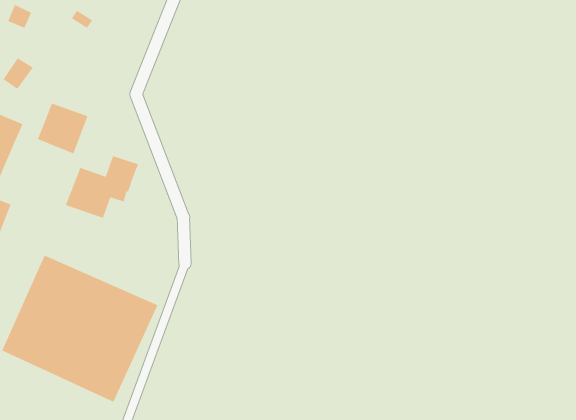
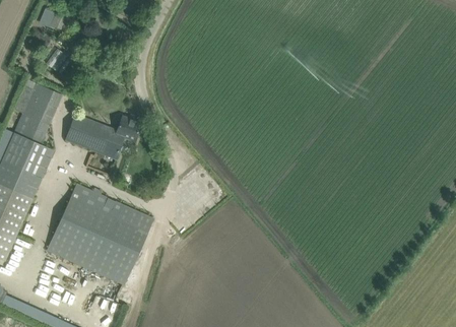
building: [37,103,89,154] -> [64,115,100,150]

